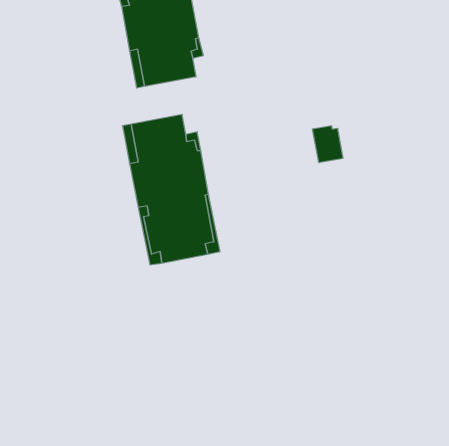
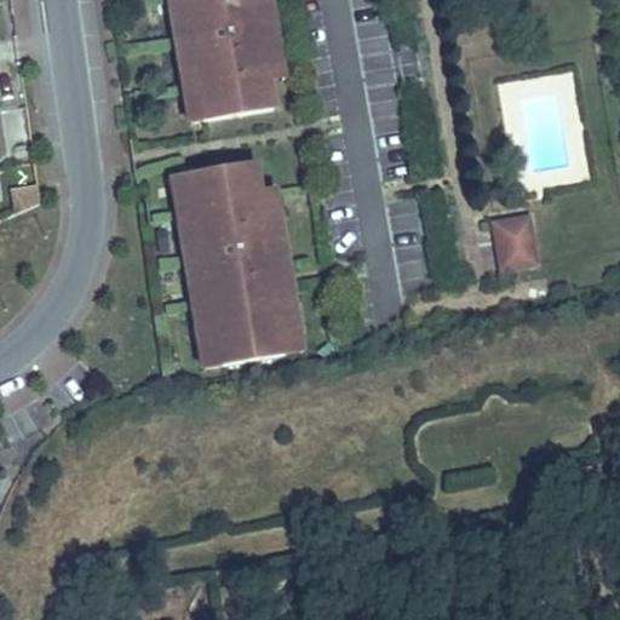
building: [312,126,343,163] -> [494,218,536,269]

